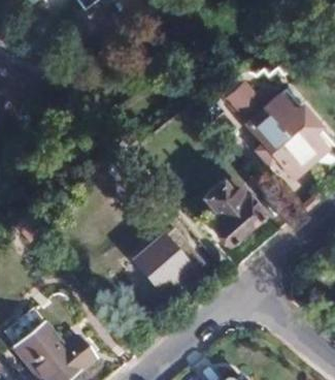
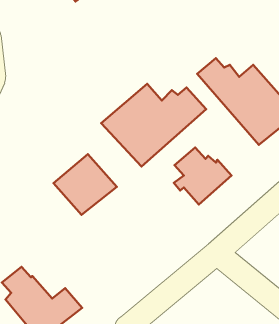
building: none -> [101,84,206,166]
building: [134,226,204,293] -> [53,154,117,215]

